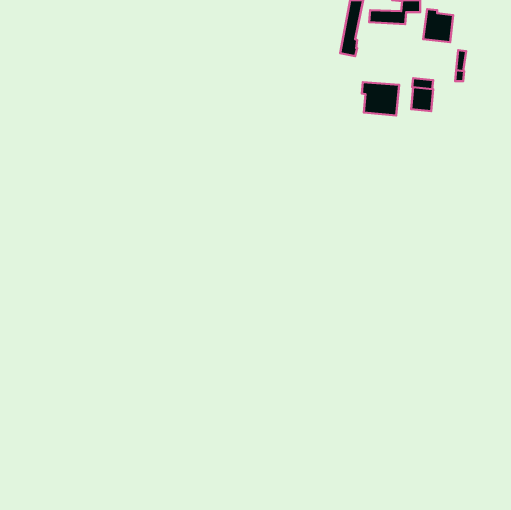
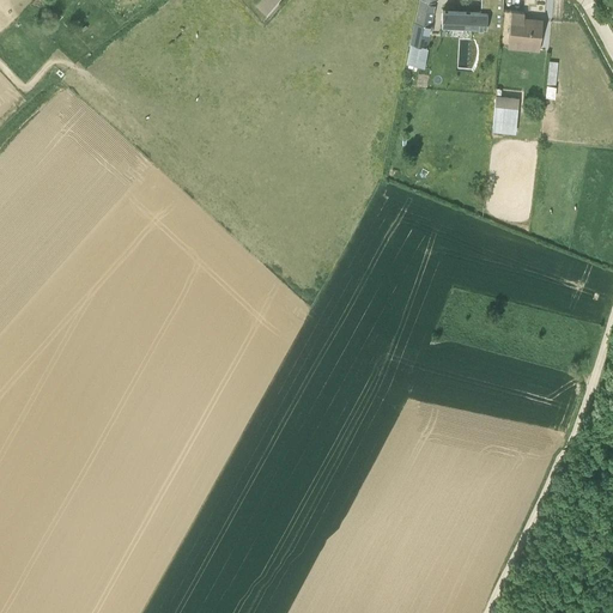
building: [362,82,399,115] -> none

